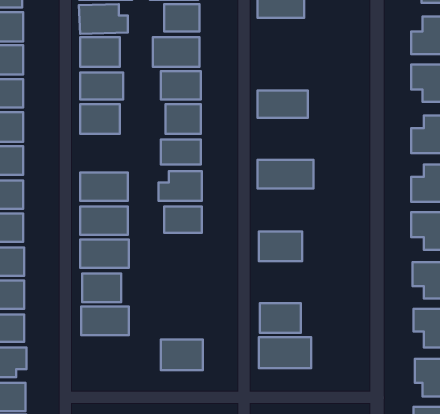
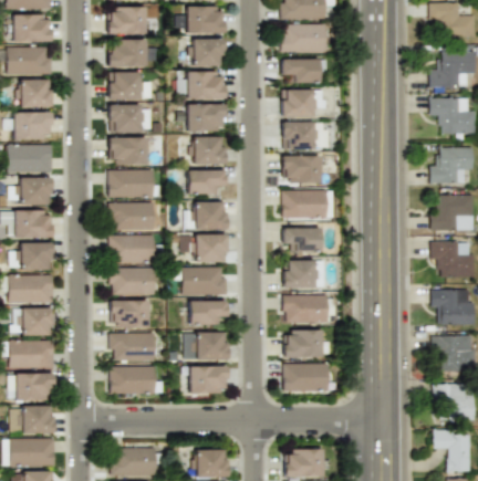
building: none -> [281,59,326,83]
building: none -> [281,88,318,117]
building: none -> [281,154,321,184]
building: none -> [108,170,156,198]
building: none -> [282,228,321,251]
building: none -> [181,266,227,295]
building: none -> [282,295,335,323]
building: none -> [187,301,227,325]
building: none -> [184,332,228,360]
building: none -> [110,366,163,396]

